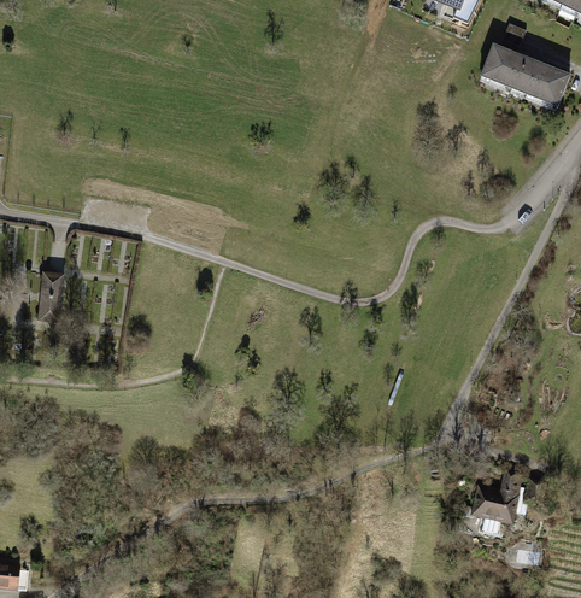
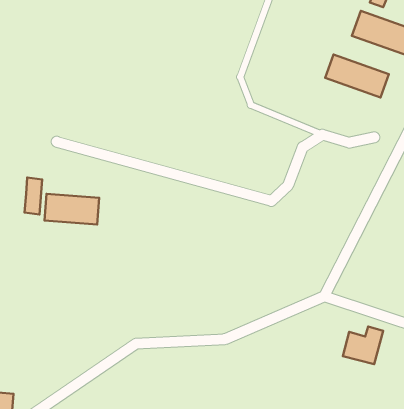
building: none -> [325,54,389,98]
building: none -> [45,194,99,225]

